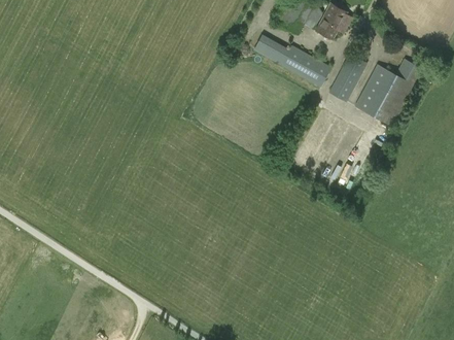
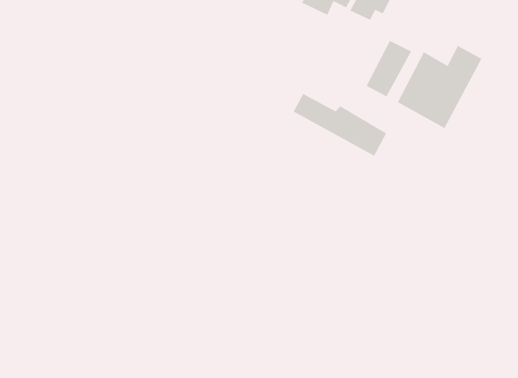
building: [253,34,330,87] -> [293,93,387,157]

